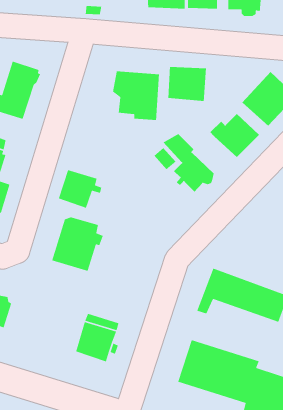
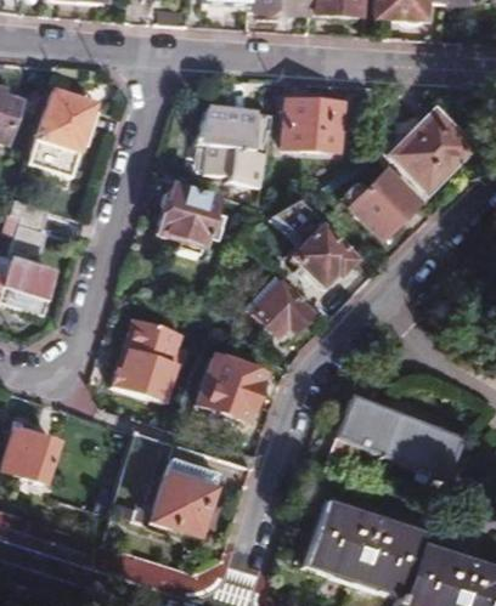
building: [58,169,102,209] -> [159,186,225,244]
building: none -> [246,270,315,338]
building: none -> [195,352,264,419]

